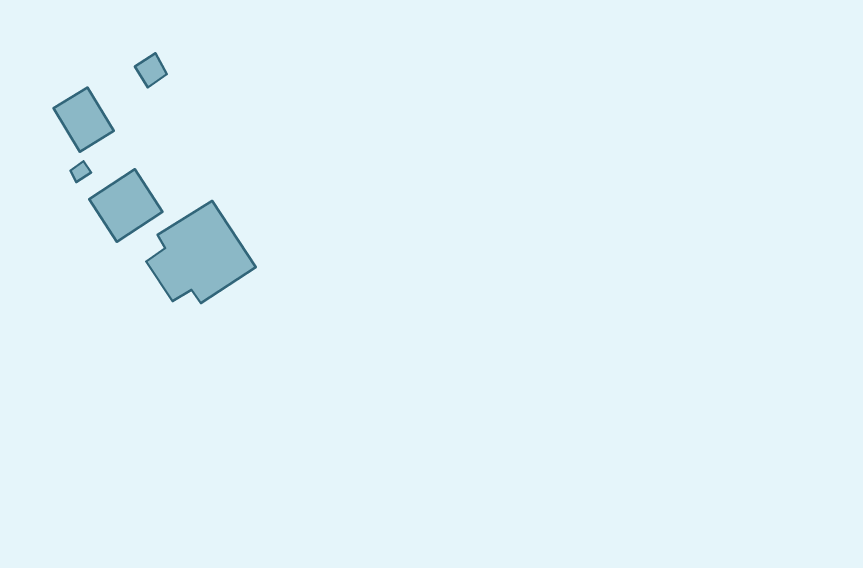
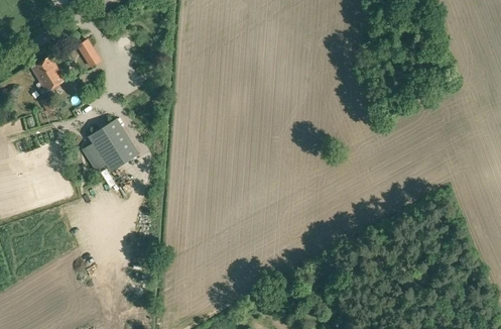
building: [89,169,163,242] -> none

